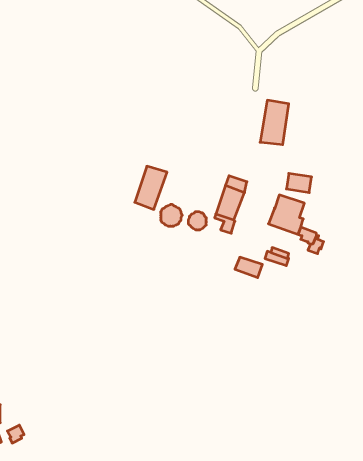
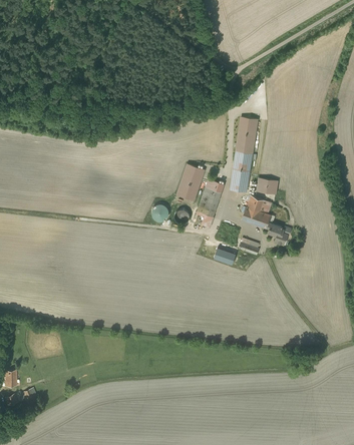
building: none -> [230,150,254,191]
building: [135,166,167,209] -> [178,163,205,199]

